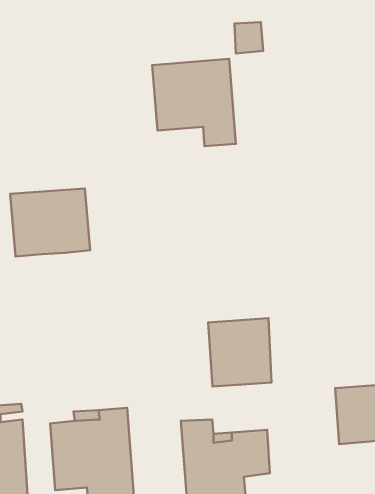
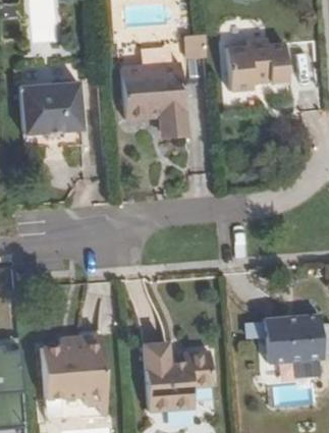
building: none -> [227,39,289,92]
building: [10,189,90,257] -> [20,80,83,133]
building: [208,318,271,387] -> none

